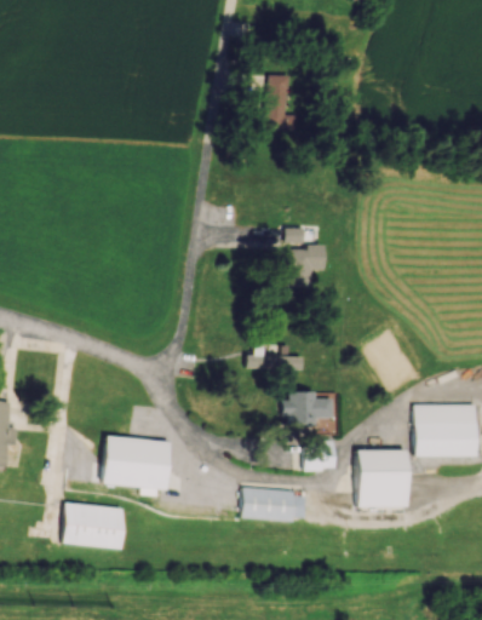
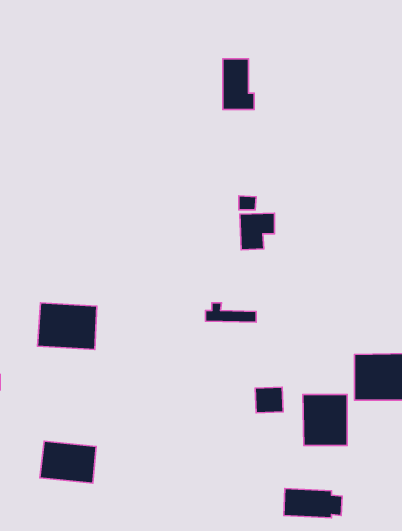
building: [285,392,333,423] -> none
building: [102,437,168,489] -> [37,303,97,349]
building: [241,488,306,521] -> [284,489,342,518]

